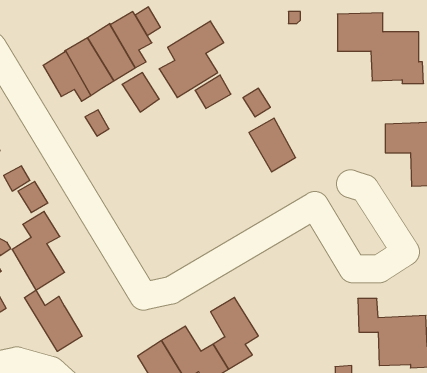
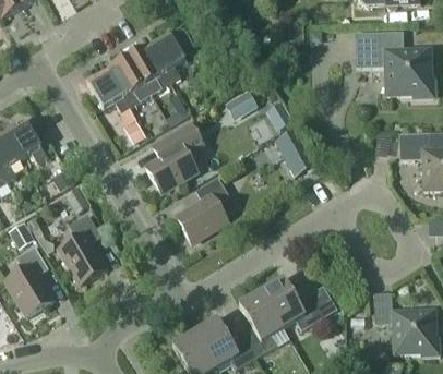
building: [159,21,224,98] -> [144,123,203,193]
building: none -> [175,176,229,242]
building: none -> [261,278,336,329]
building: [24,290,82,351] -> none

